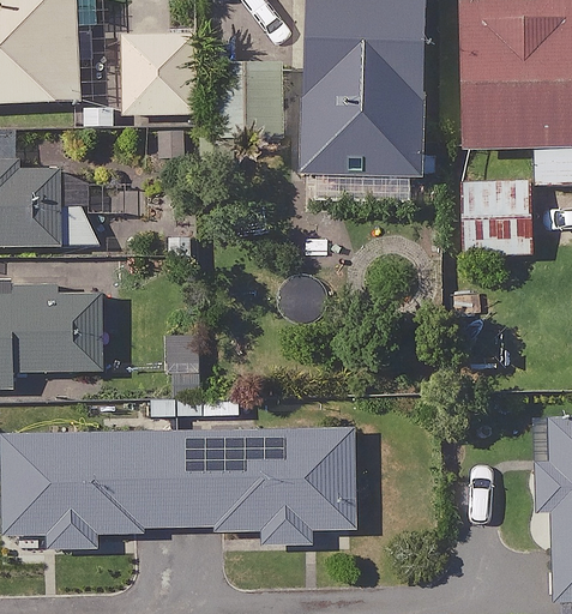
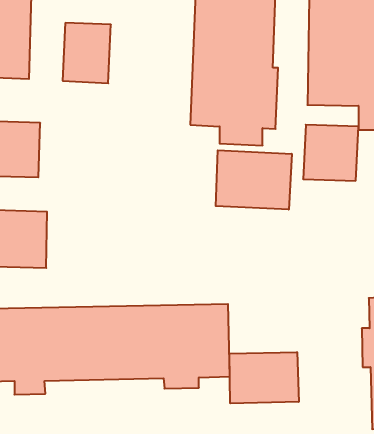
building: none -> [216,150,292,210]
building: none -> [230,352,299,403]

